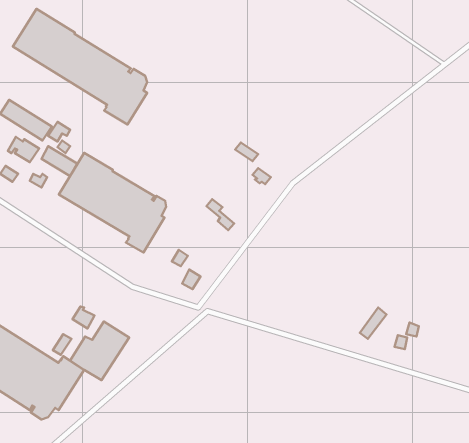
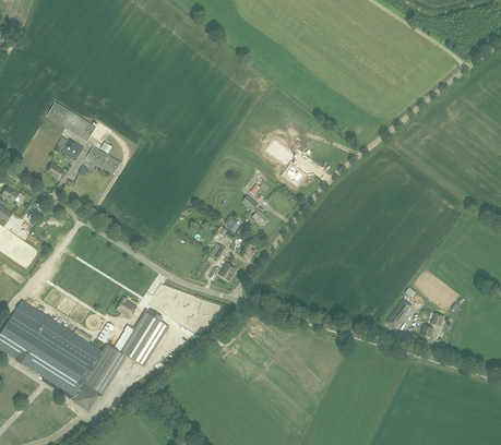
building: [13,9,147,124] -> none
building: [59,153,166,253] -> none

